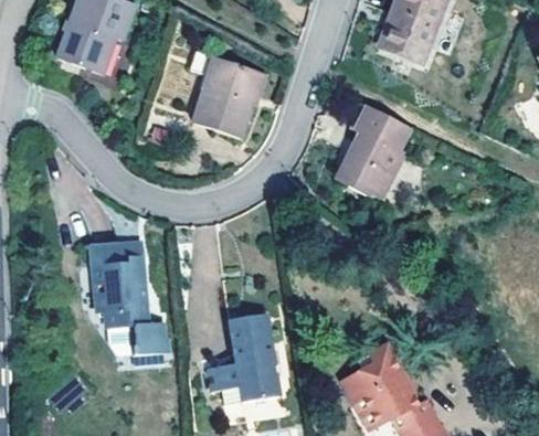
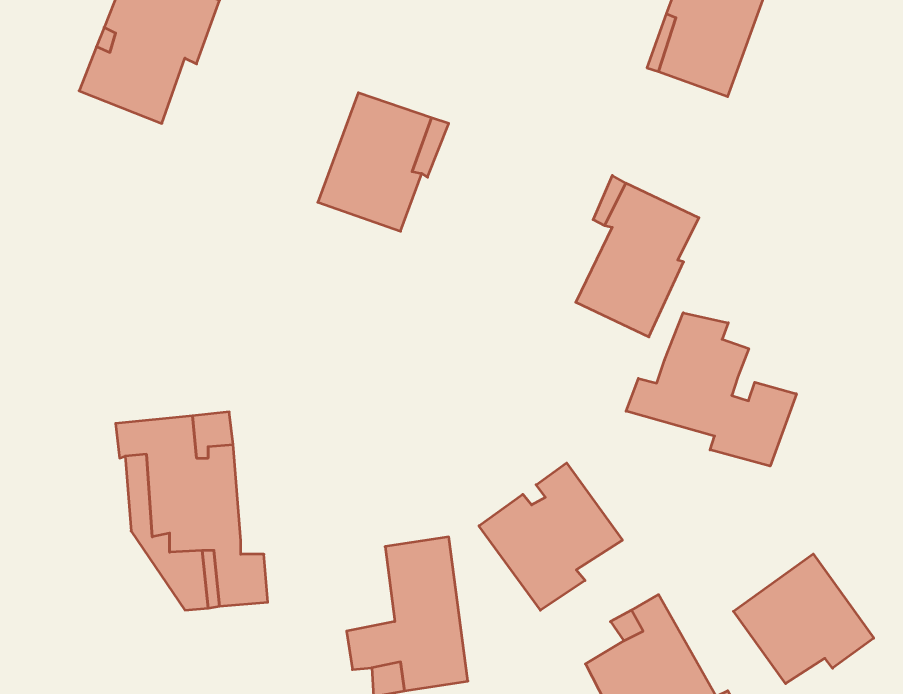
building: none -> [626,313,796,466]
building: none -> [479,463,622,610]
building: none -> [733,554,874,684]

